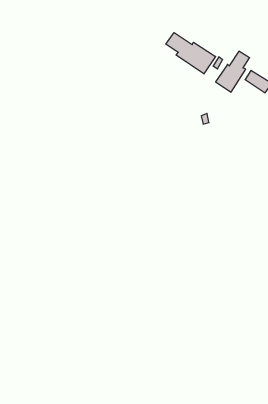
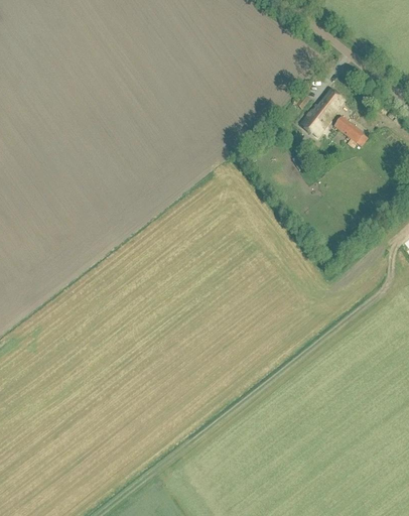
building: [166,33,216,74] -> none

